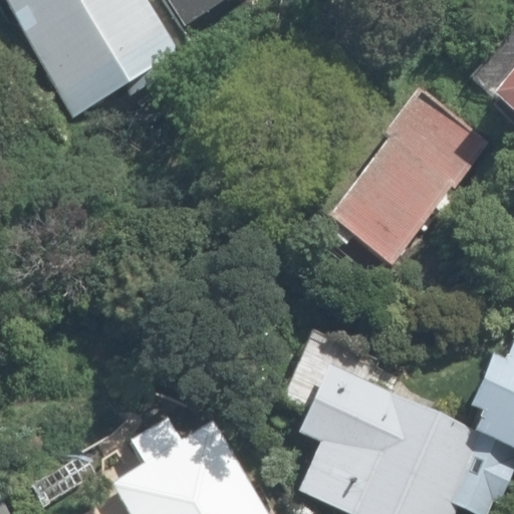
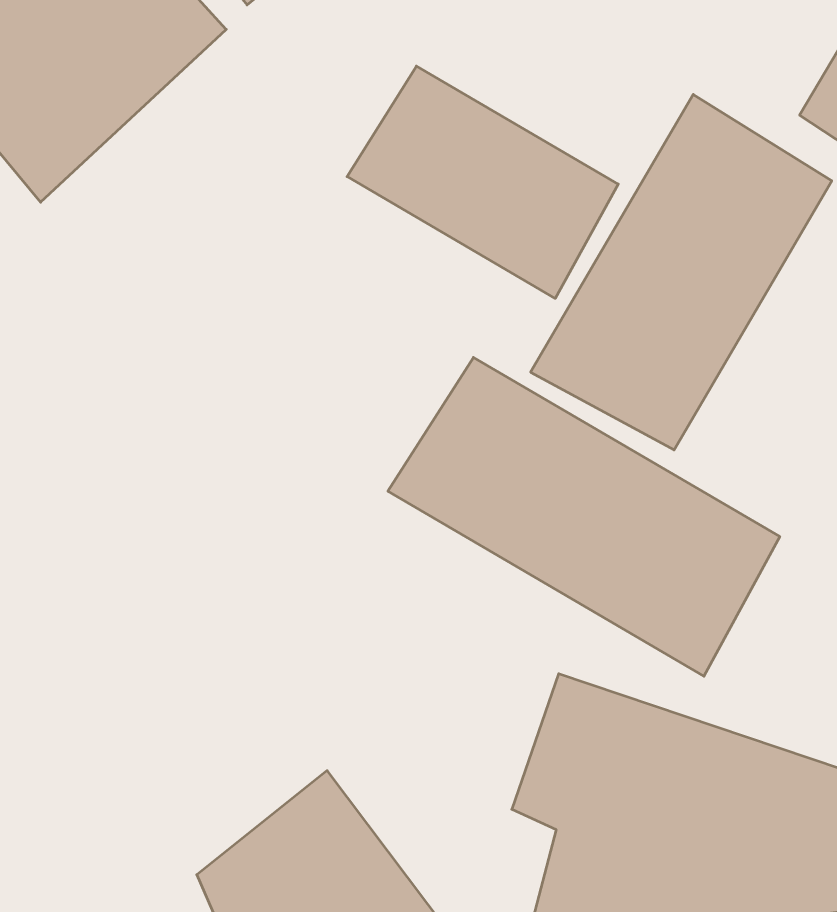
building: none -> [347,66,618,298]
building: none -> [388,357,780,676]

